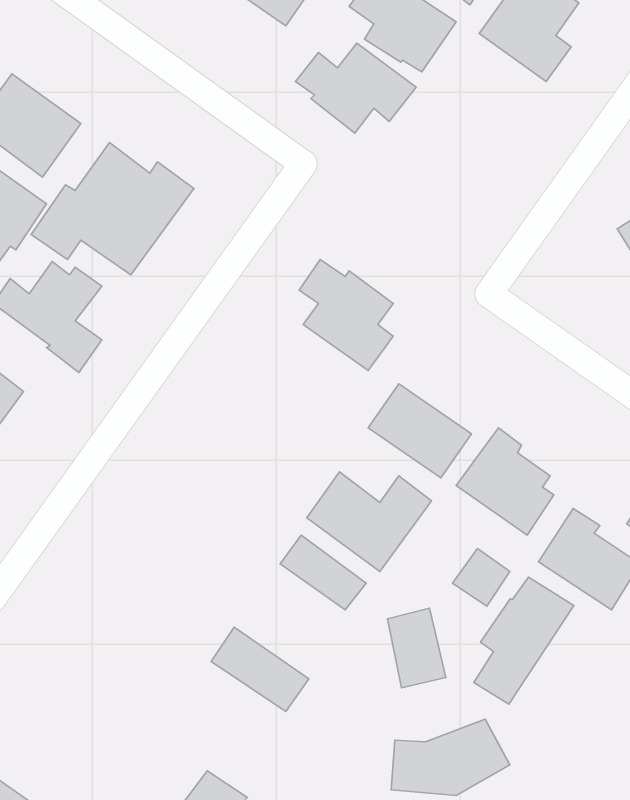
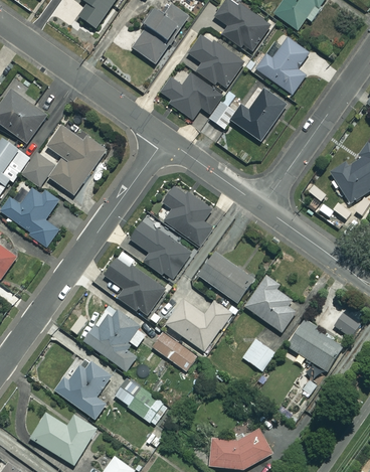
building: none -> [210,86,287,140]
building: none -> [130,222,191,280]
building: none -> [104,258,166,317]
building: none -> [82,303,148,370]
building: [474,577,574,704] -> none
building: none -> [54,360,111,418]
building: [387,608,446,688] -> none
building: none -> [29,411,98,465]

